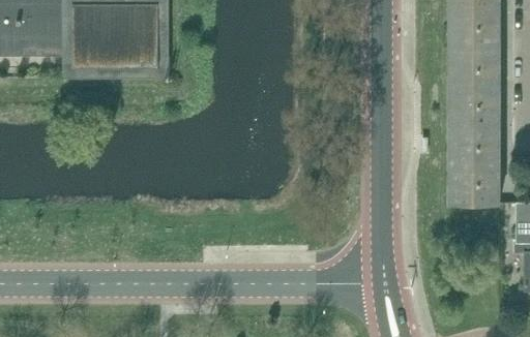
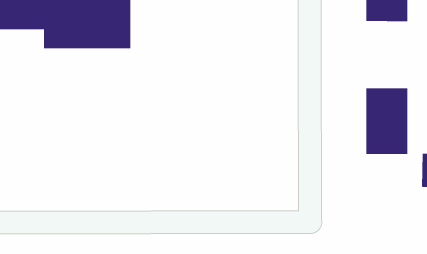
building: [448,43,499,123] -> none

